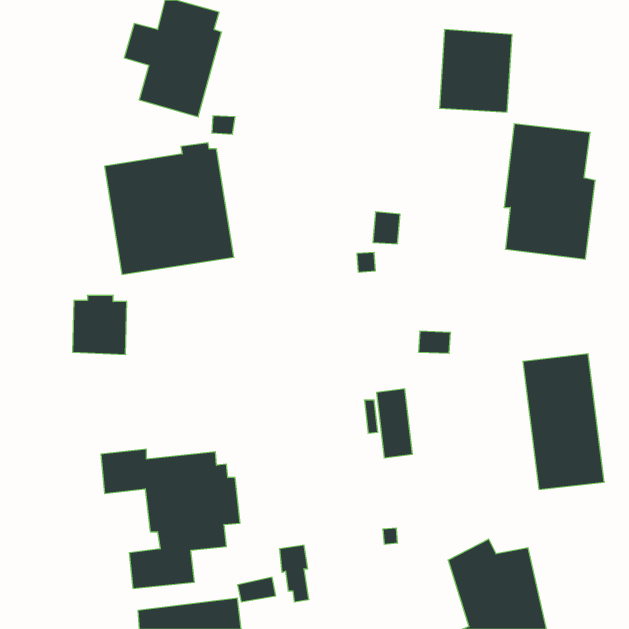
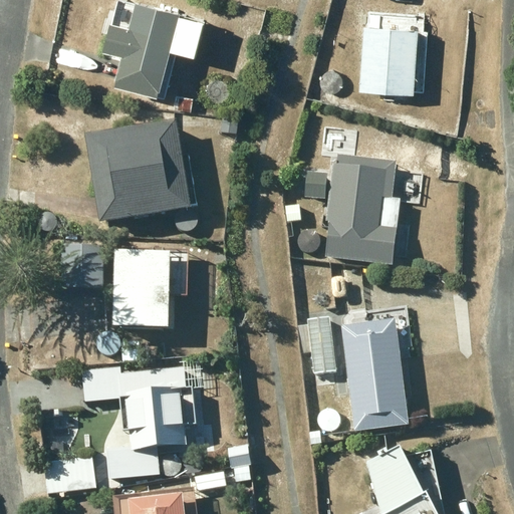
building: [504,124,595,259] -> [325,155,400,265]
building: none -> [112,253,170,330]
building: [523,354,604,489] -> [341,321,408,432]
building: none -> [43,458,94,494]

